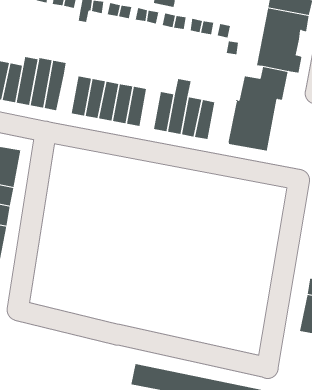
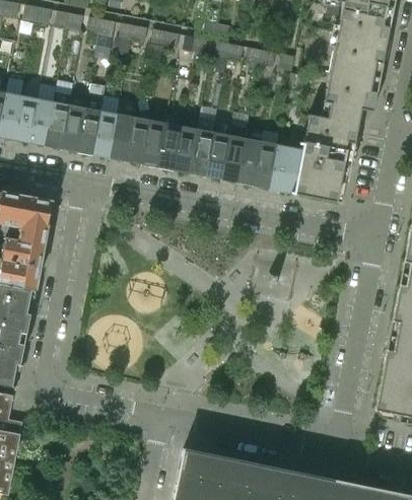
building: none -> [93,112,118,158]
building: none -> [190,118,216,176]
building: none -> [269,145,300,194]

